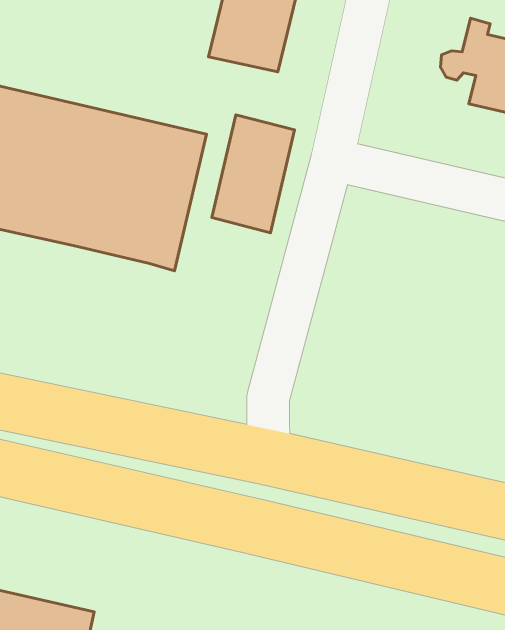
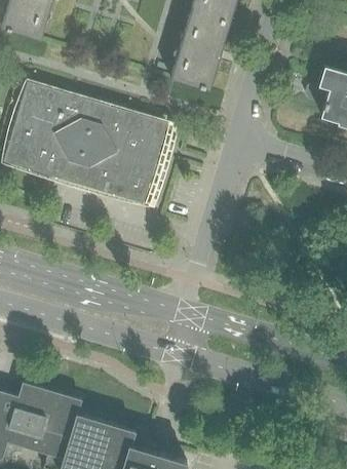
building: [212,115,295,233] -> none

